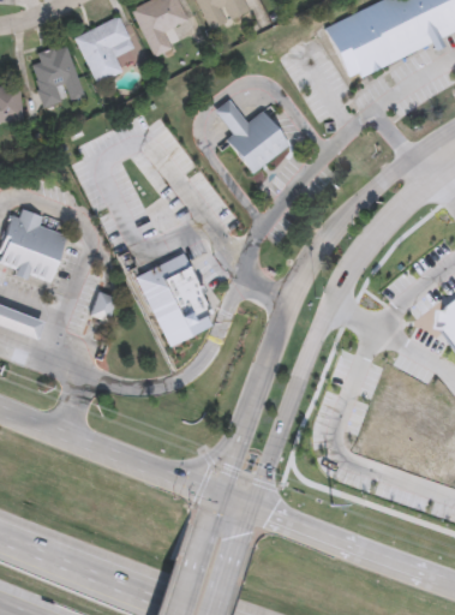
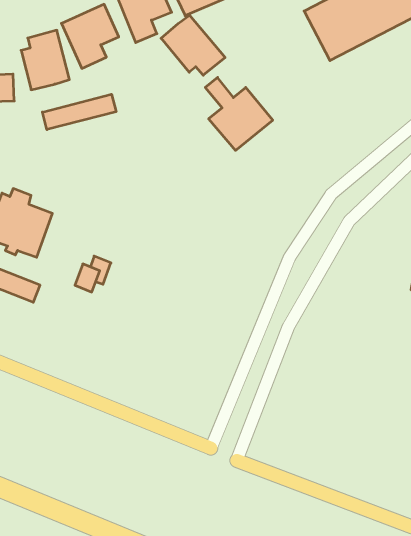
building: none -> [161,15,225,75]
building: none -> [42,94,116,130]
building: [137,251,220,346] -> none

